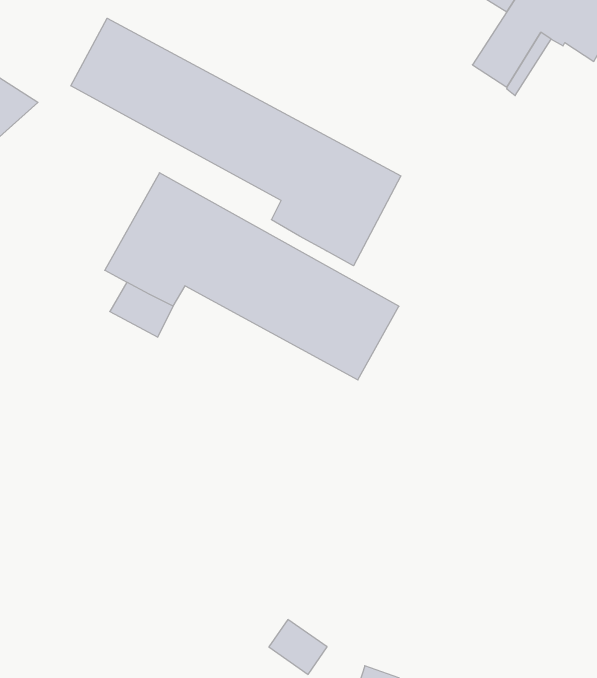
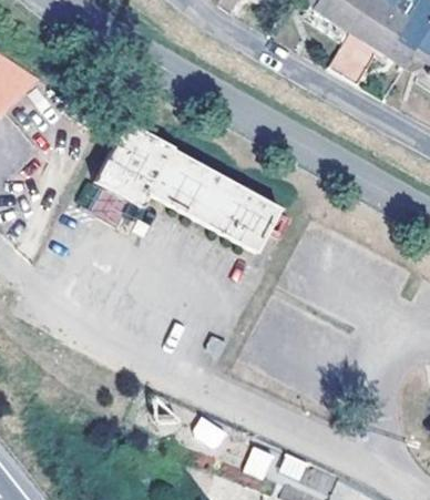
building: [71,18,401,266] -> none

